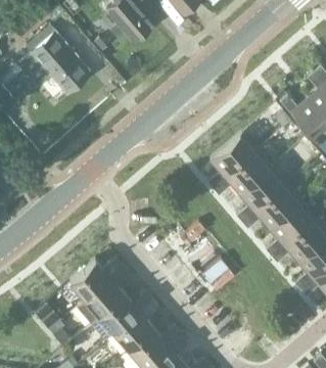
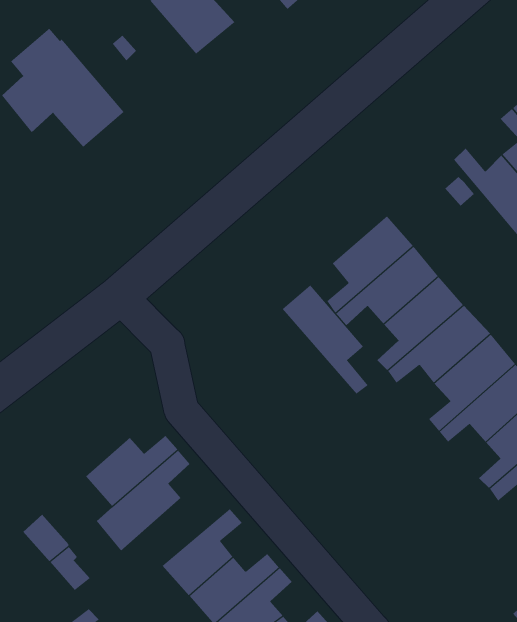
building: none -> [282,285,368,394]
building: [90,292,152,341] -> none

